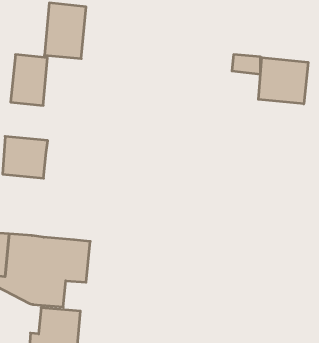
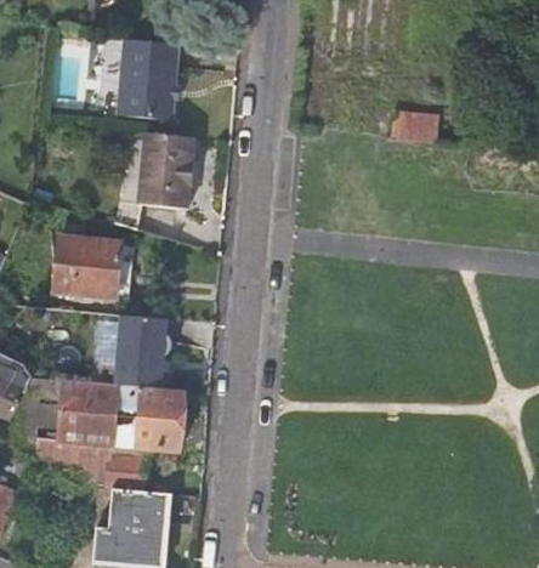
building: [11,55,47,105] -> [138,132,193,208]
building: [258,58,308,104] -> none
building: none -> [114,313,169,388]

